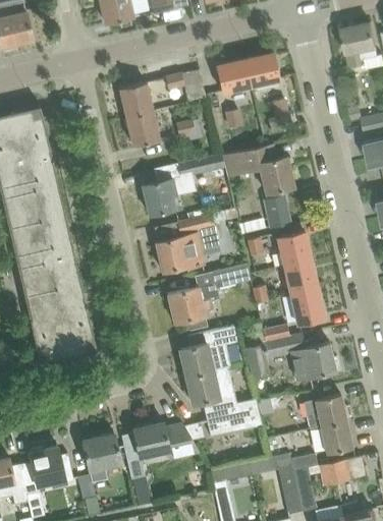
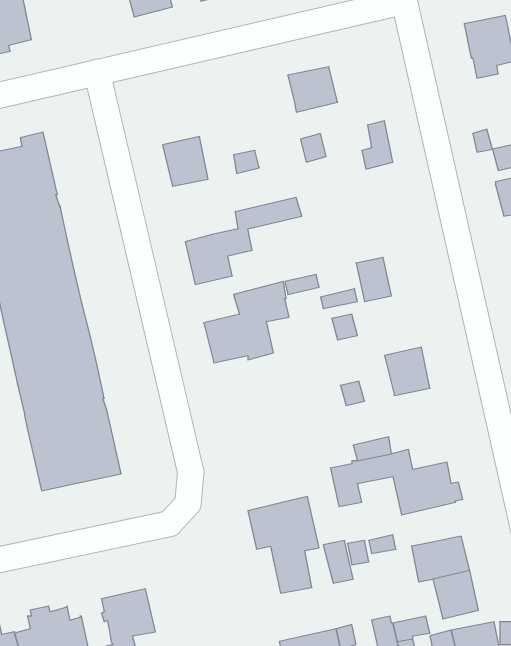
building: [244,53,279,85] -> none
building: [165,69,205,100] -> none
building: [119,82,152,116] -> none
building: [223,144,293,193] -> none
building: [278,231,311,267] -> none
building: [167,263,253,324] -> none
building: [291,290,324,325] -> none
building: [179,326,238,378] -> none
building: [123,422,200,470] -> none

